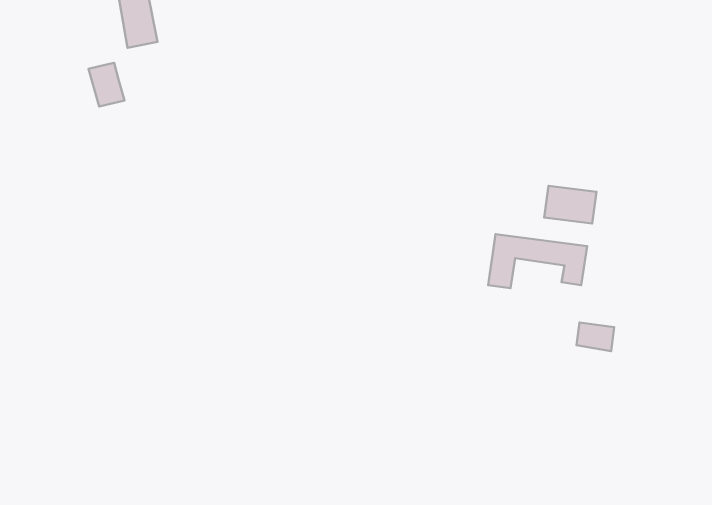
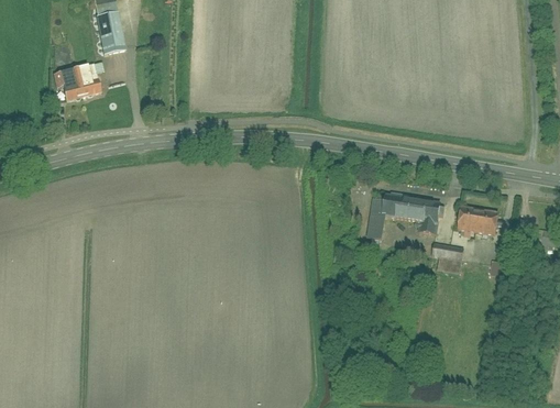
building: none -> [54,69,83,101]
building: [544,186,597,223] -> [454,210,493,238]

